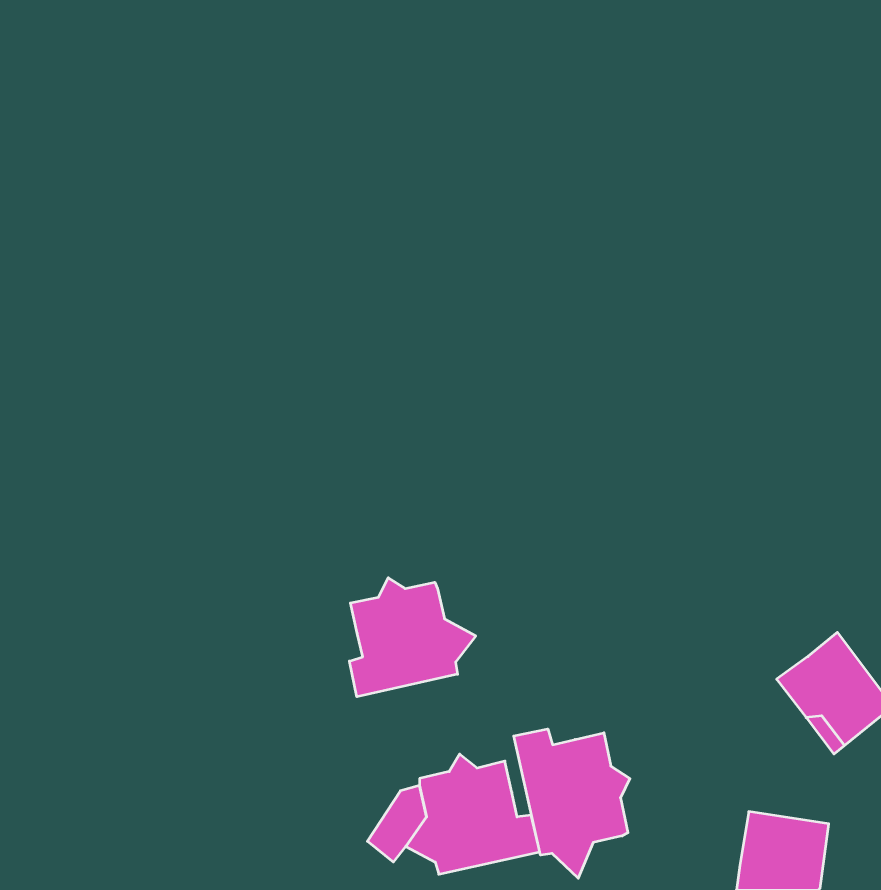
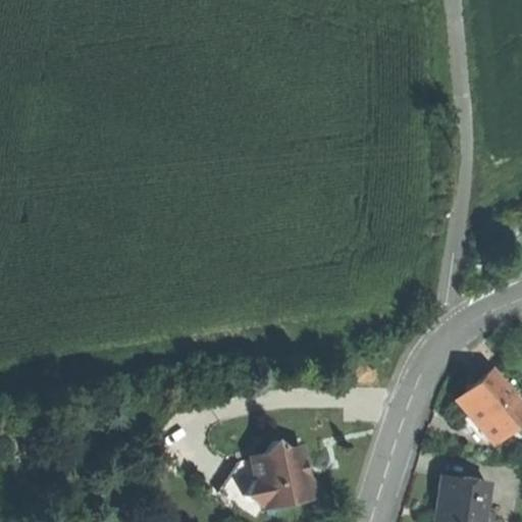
building: [349,578,476,697] -> none
building: [514,729,630,878] -> none

